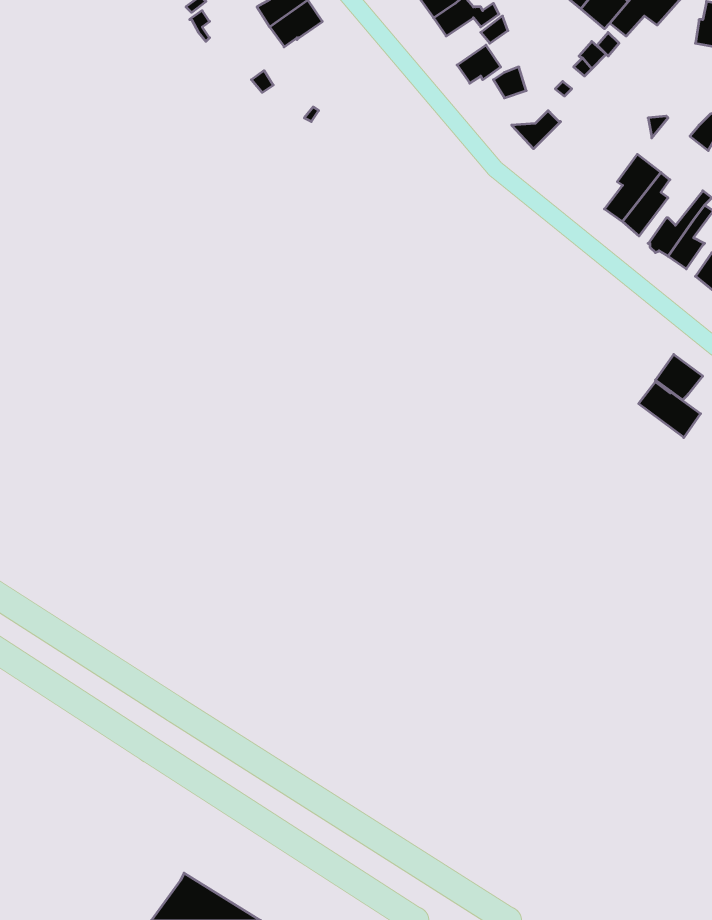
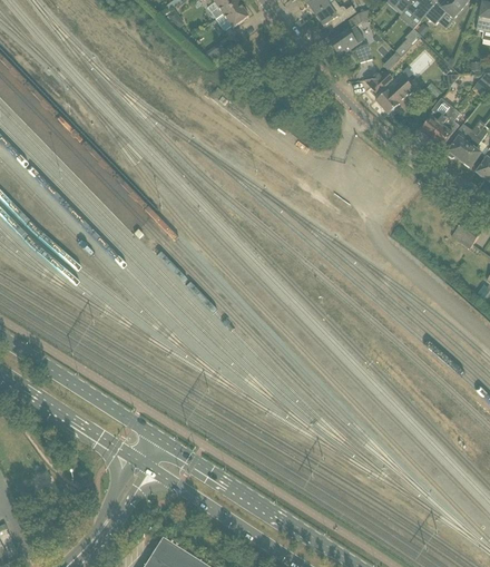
building: none -> [374,78,412,113]
building: [639,382,701,438] -> none

